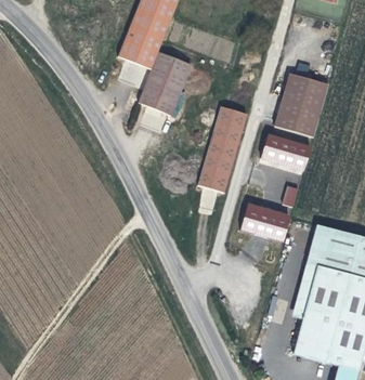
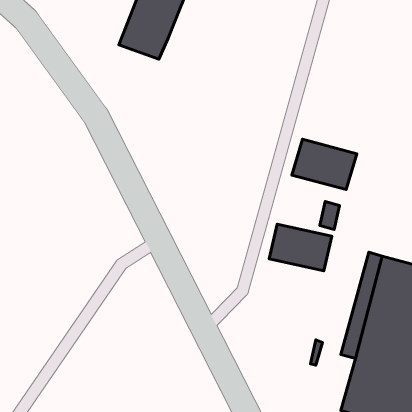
building: [136,51,191,115] -> none
building: [271,76,327,143] -> none
building: [197,104,248,192] -> none

